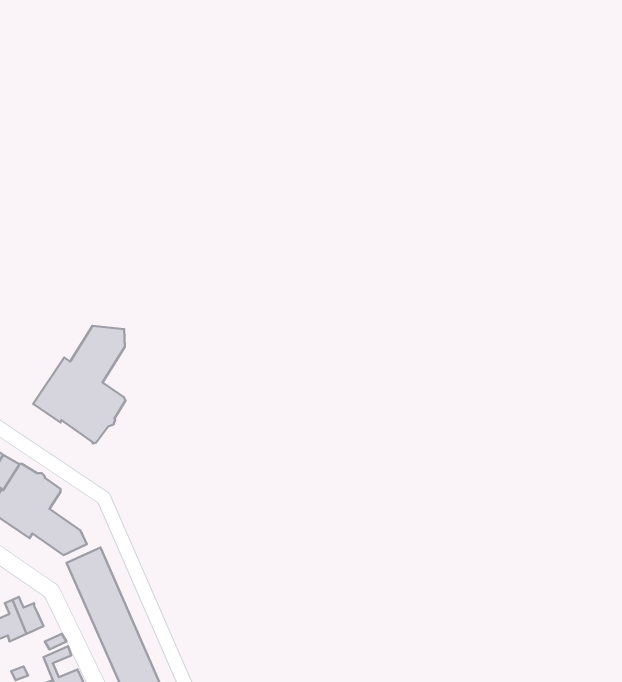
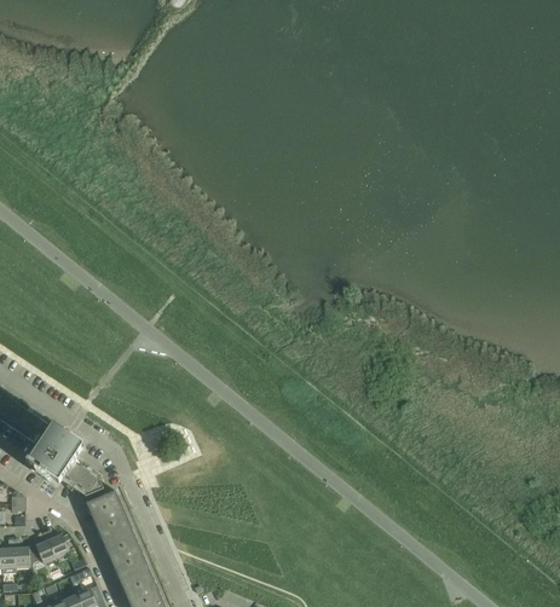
building: [33,326,126,444] -> none

